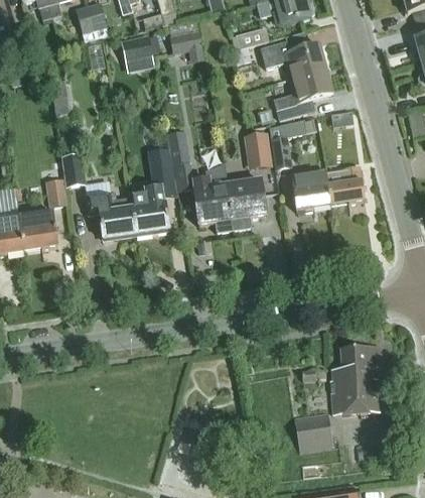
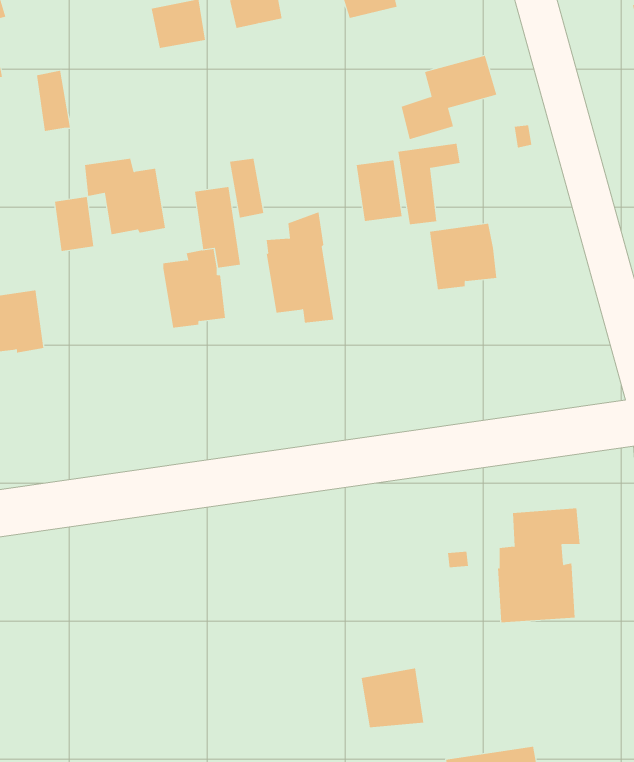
building: [258,40,324,79] -> none
building: [329,164,364,204] -> none
building: [44,177,66,207] -> none
building: [226,179,265,229] -> none
building: [86,192,135,238] -> [84,158,166,235]
building: [294,410,332,447] -> [361,668,424,728]

